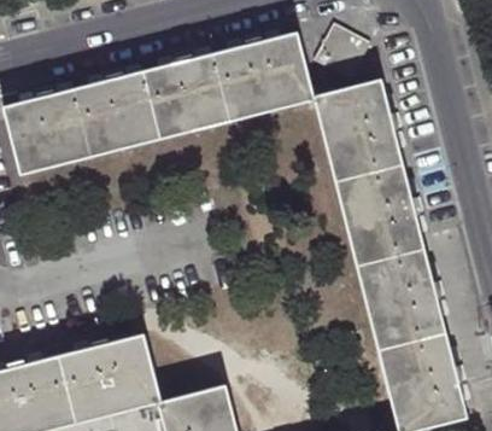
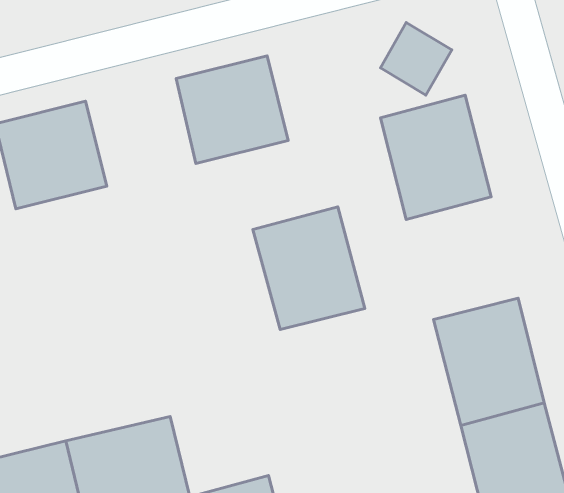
building: [222,33,312,118] -> none
building: [77,69,165,155] -> none
building: [333,163,422,261] -> [253,207,365,330]

